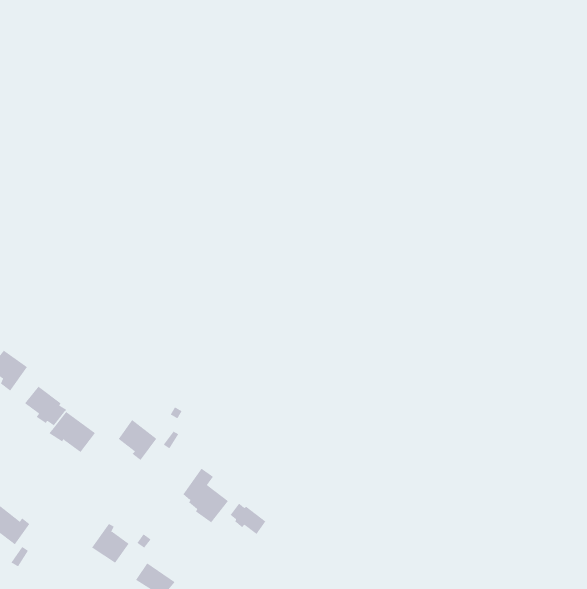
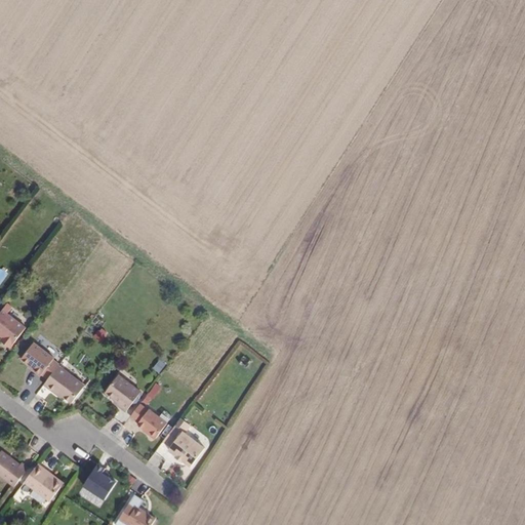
building: none -> [130,403,166,437]
building: [230,502,266,535] -> none
building: none -> [23,462,60,501]

